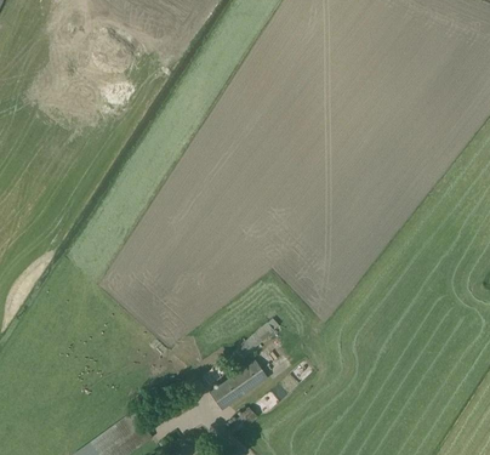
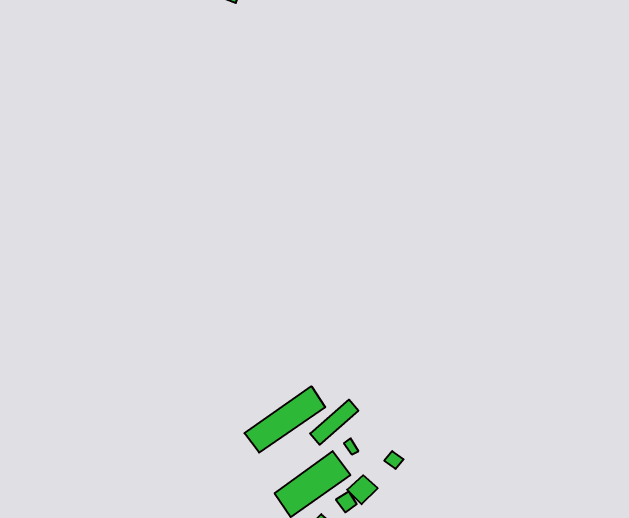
building: none -> [244,386,325,453]

